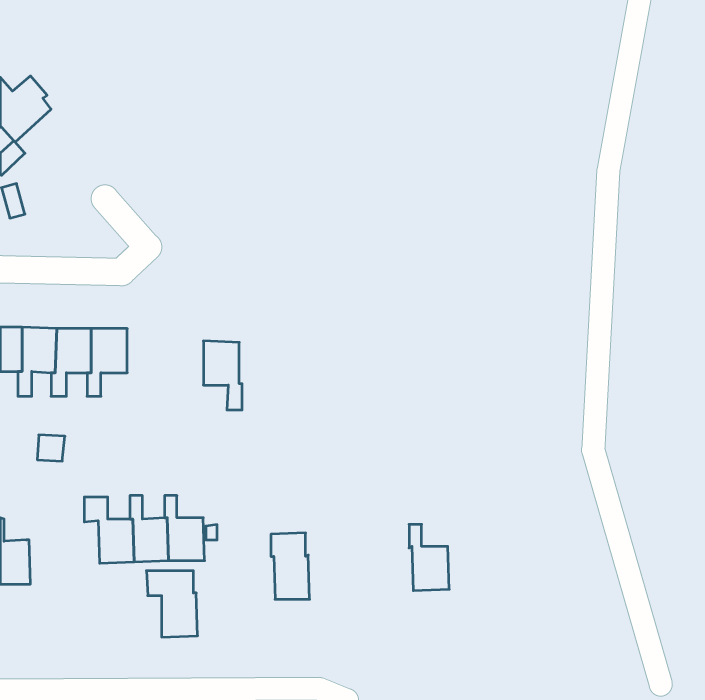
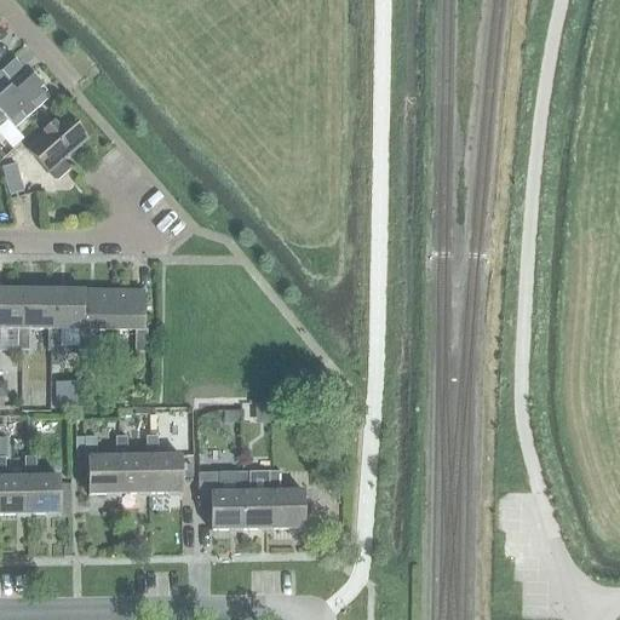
building: none -> [27,110,87,177]
building: [203,341,242,410] -> [113,288,147,349]
building: none -> [23,454,58,512]
building: [409,524,449,591] -> [269,467,304,526]
building: [146,571,198,637] -> [197,469,242,527]

